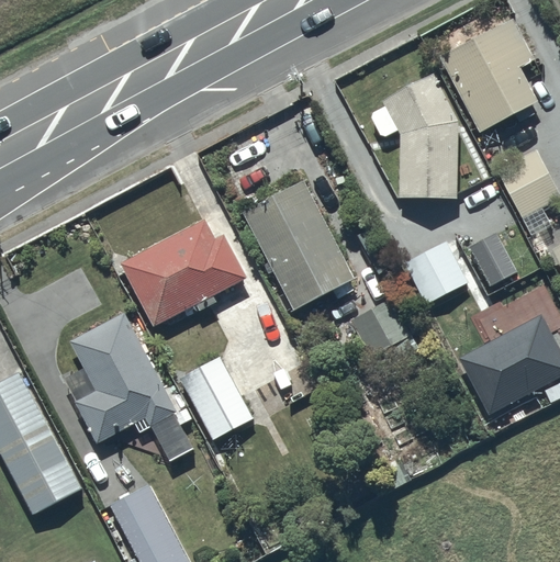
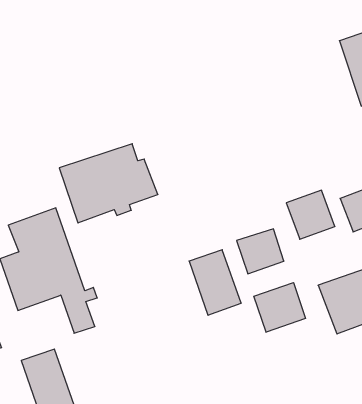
building: [372,71,462,196] -> none
building: [242,179,354,308] -> none
building: [181,357,253,439] -> [189,250,241,315]
building: none -> [254,283,306,332]

